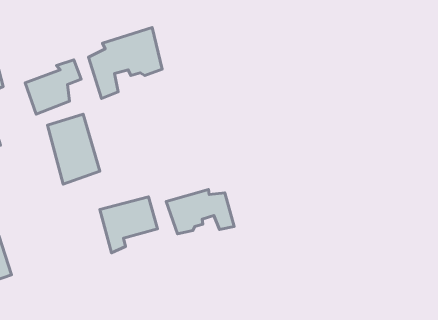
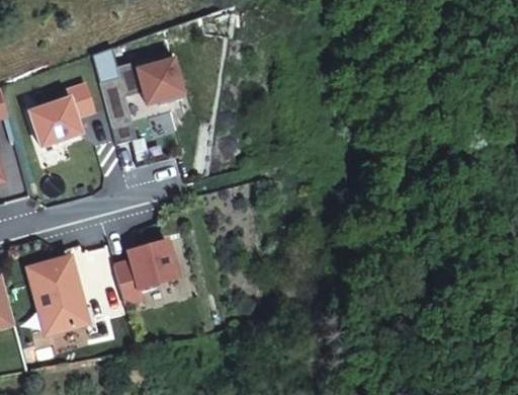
building: [47,114,100,184] -> [29,255,87,332]
building: [166,190,234,234] -> none

